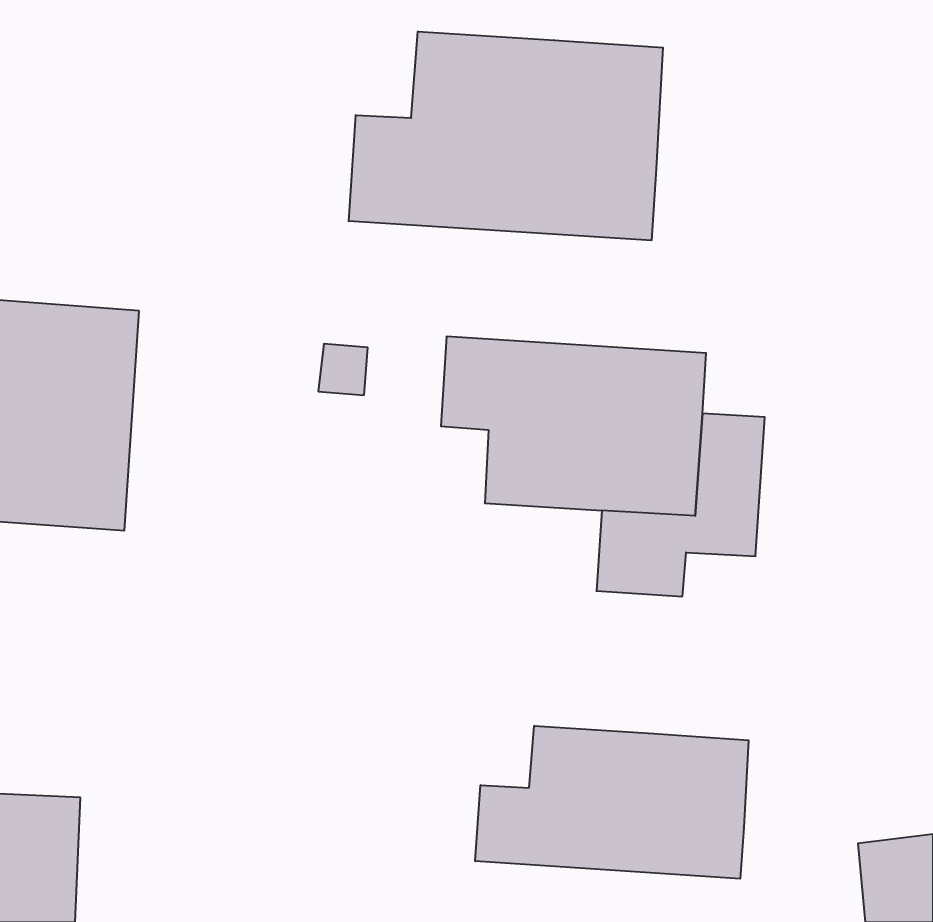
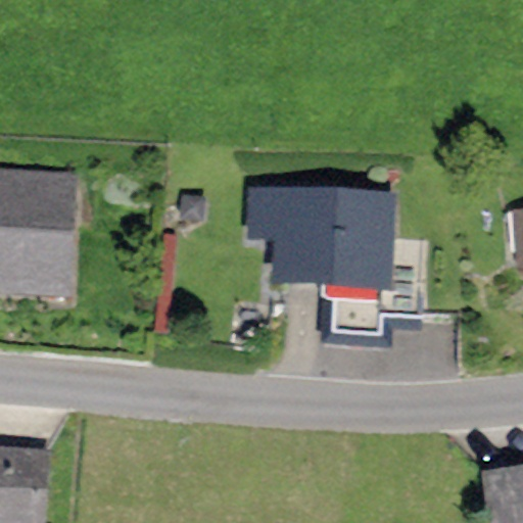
building: [349,31,663,240] -> none
building: [475,726,749,879] -> none

